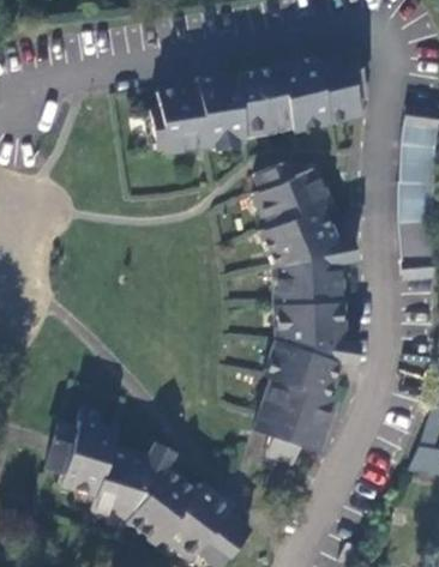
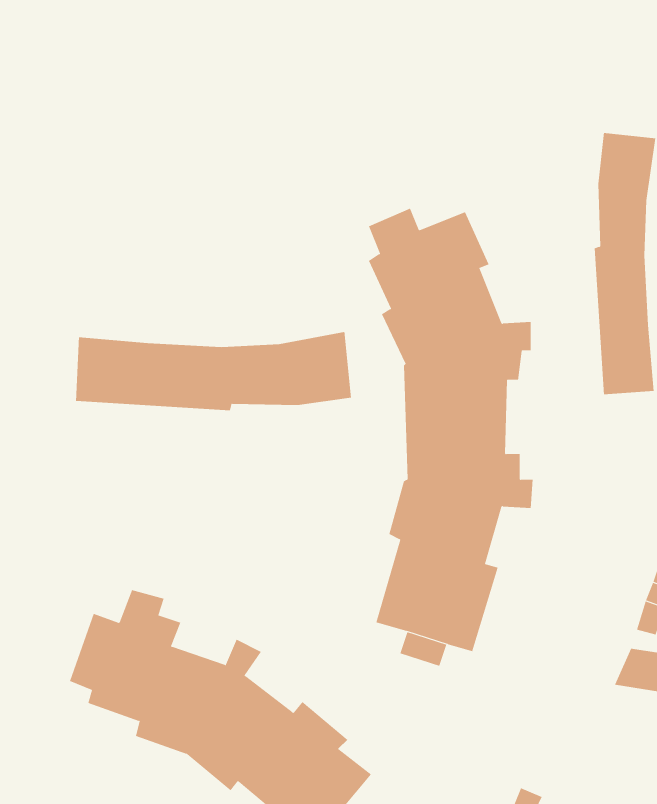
building: [142,54,360,158] -> none
building: none -> [75,331,351,411]

